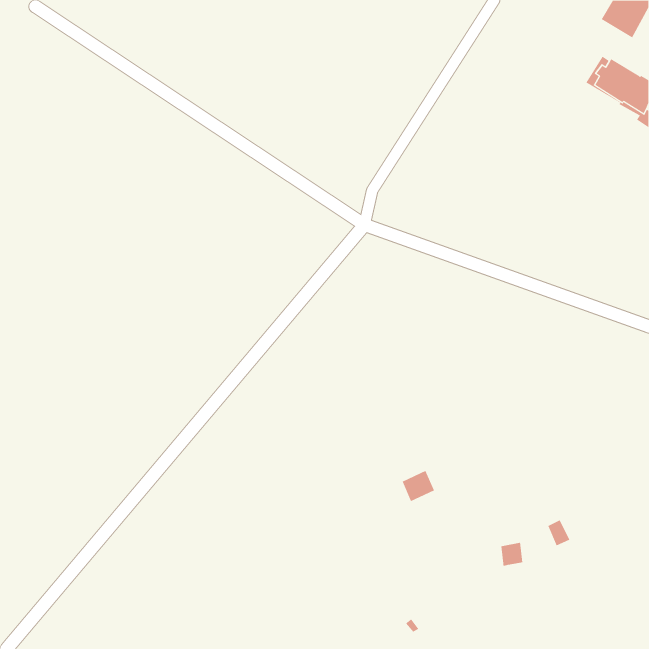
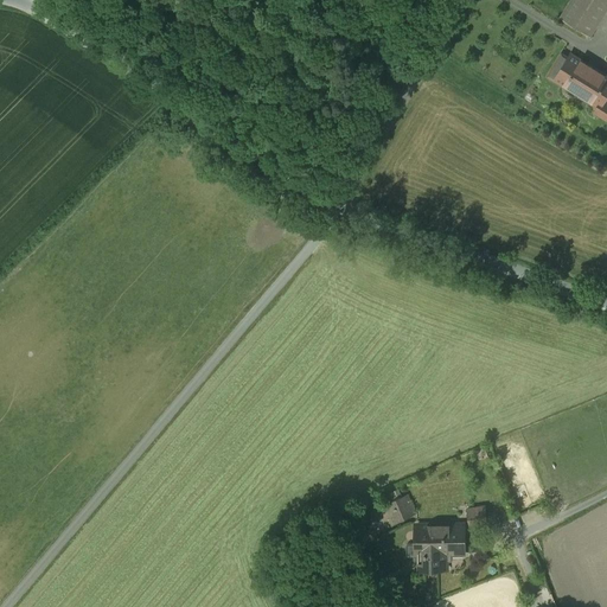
building: [402,470,435,502] -> [385,494,416,524]
building: none -> [417,525,464,568]

